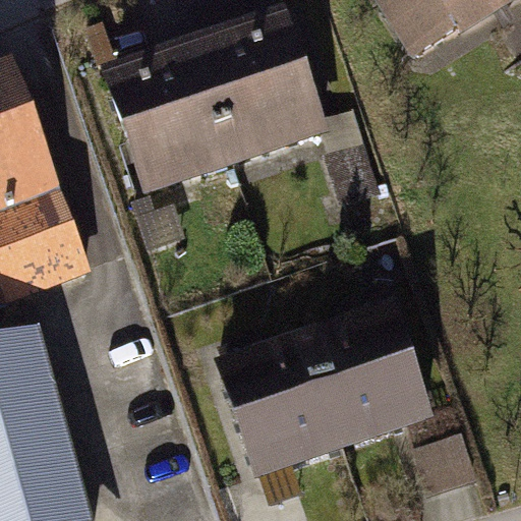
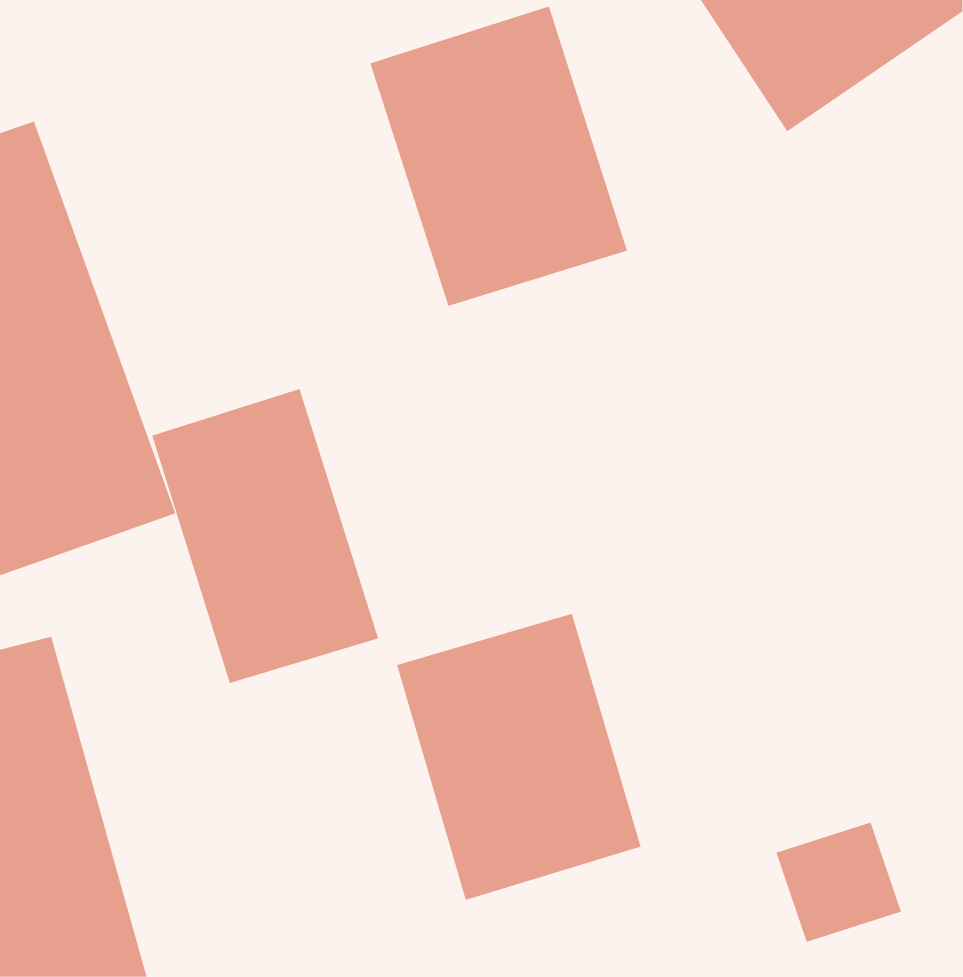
building: [103,34,238,192] -> none
building: none -> [152,388,379,684]
building: [304,297,435,450] -> none

